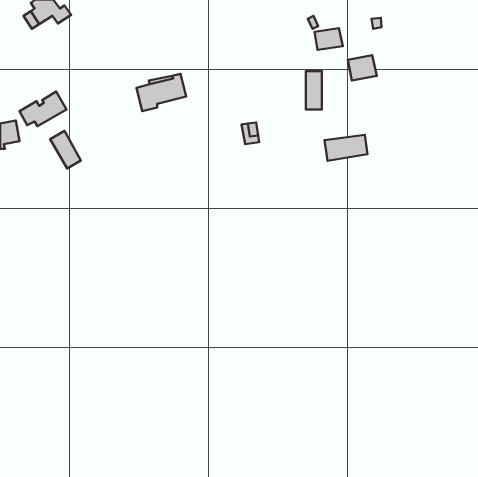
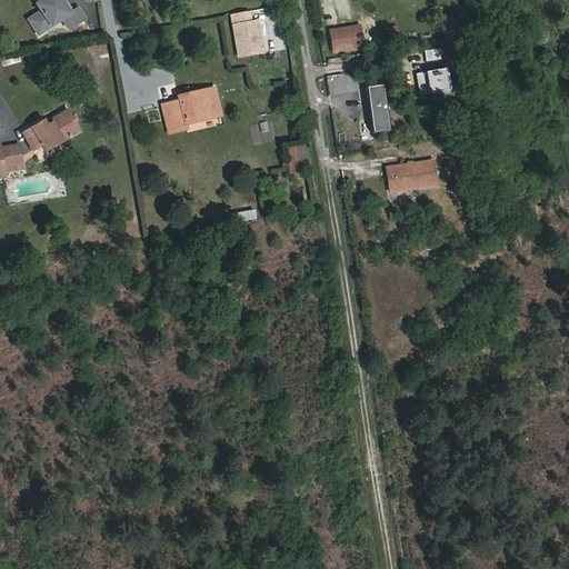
building: none -> [234,11,266,56]
building: [315,28,343,50] -> [330,26,363,51]
building: [50,131,81,168] -> none

